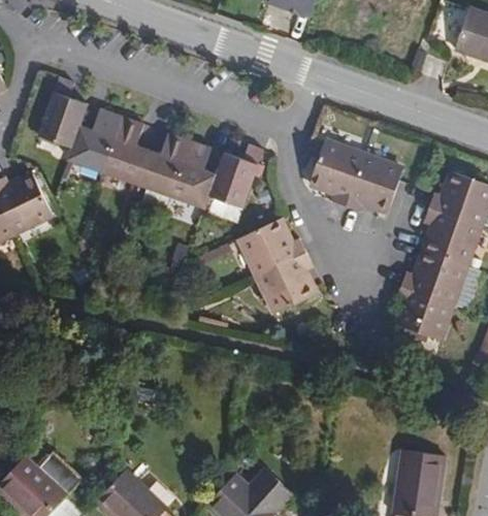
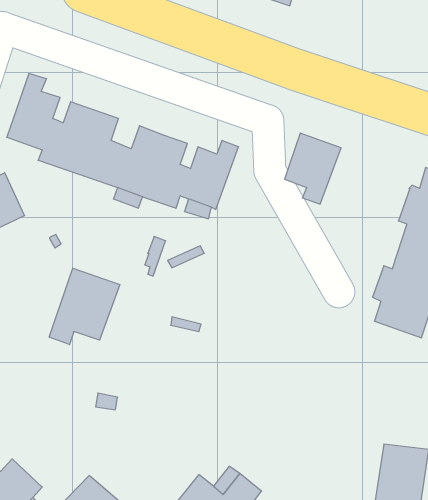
building: [345,151,404,212] -> none
building: [236,218,318,316] -> none
building: none -> [49,268,120,345]

